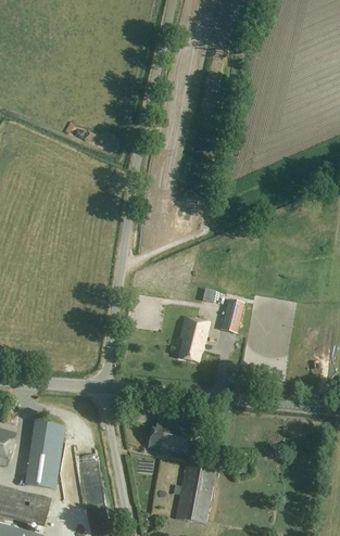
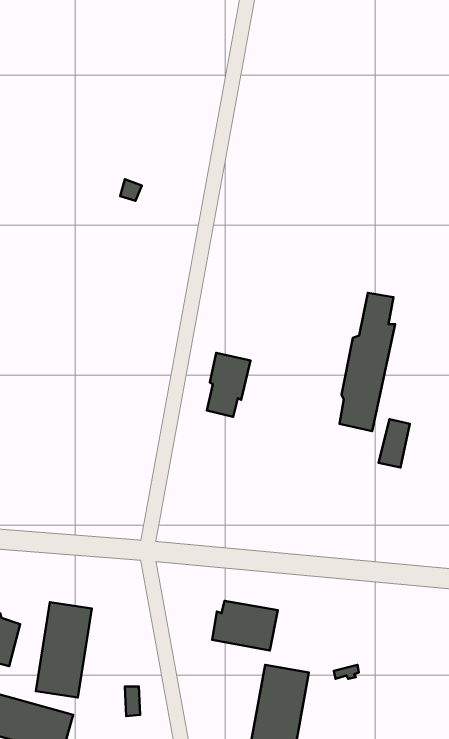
building: none -> [339,293,395,431]
building: [222,299,243,333] -> [379,419,410,468]
building: [179,317,210,361] -> [207,353,250,417]

